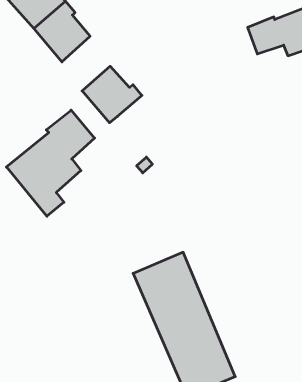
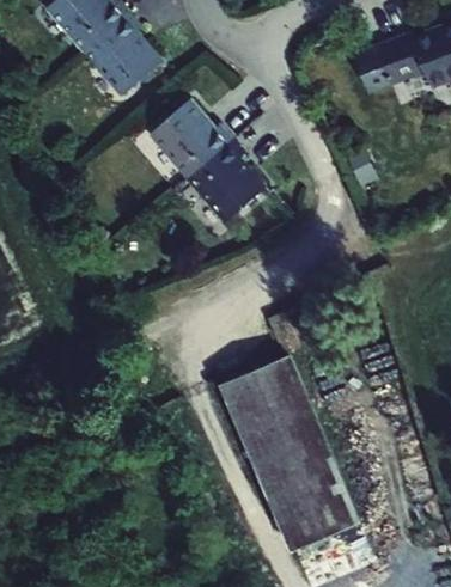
building: none -> [185,141,263,222]
building: [6,110,95,216] -> none

